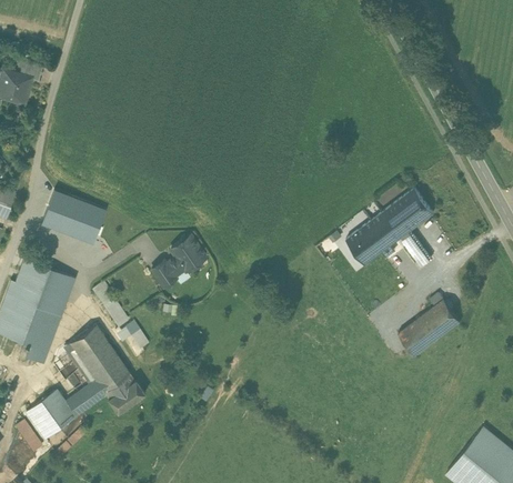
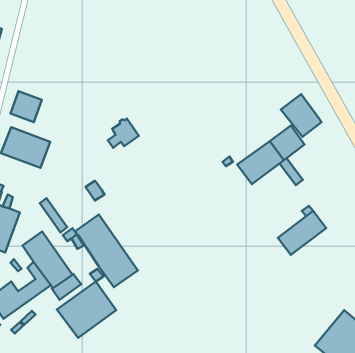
building: none -> [10,91,42,122]
building: none -> [281,94,322,137]
building: [165,234,205,272] -> [108,119,139,148]
building: none -> [75,215,138,287]
building: none -> [57,282,116,338]

